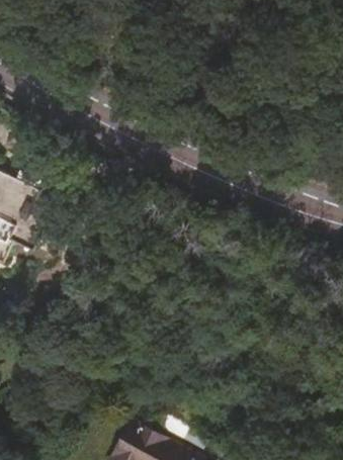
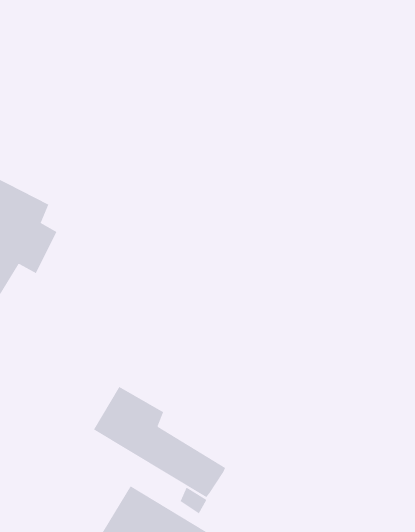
building: none -> [93,386,226,498]

